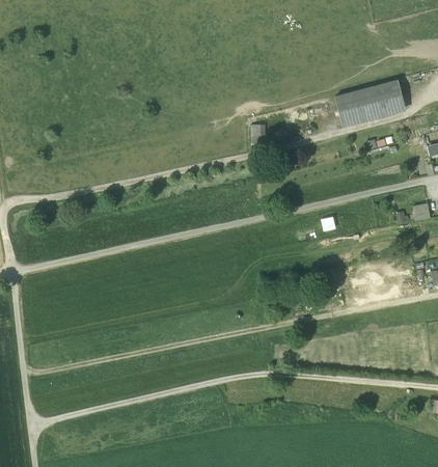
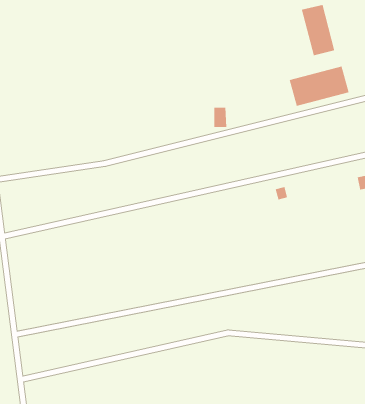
building: none -> [301,4,335,56]

